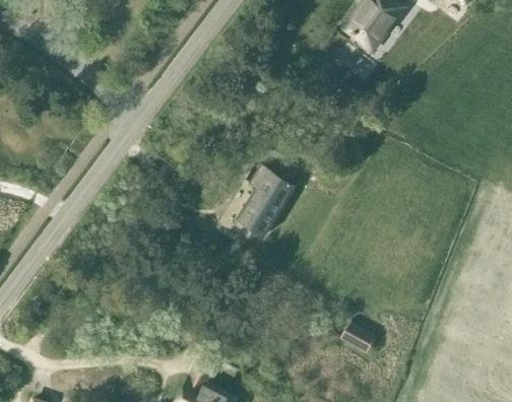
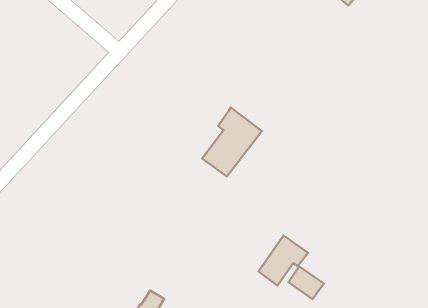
building: none -> [258,235,308,285]

